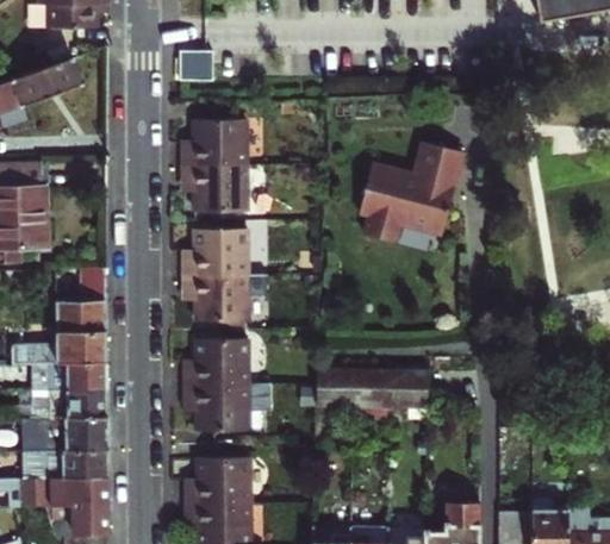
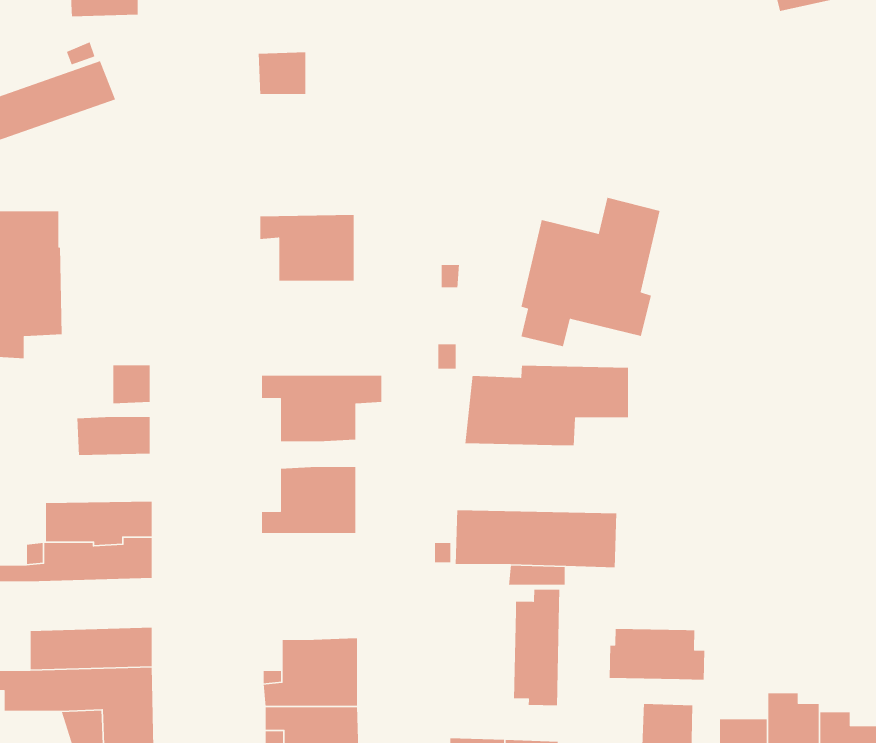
building: [181,119,247,165] -> none
building: [182,229,248,275] -> none
building: none -> [465,365,629,446]
building: [11,330,107,364] -> none
building: [182,384,268,431] -> none
building: [21,415,107,451] -> none
building: none -> [513,589,560,706]
building: none -> [609,628,705,680]

